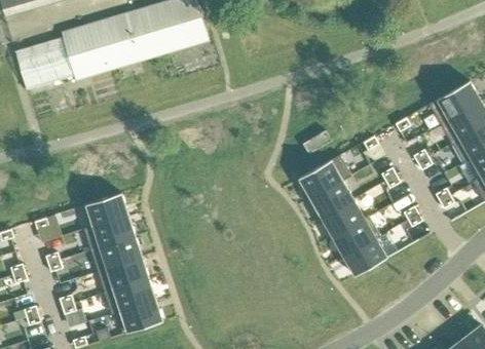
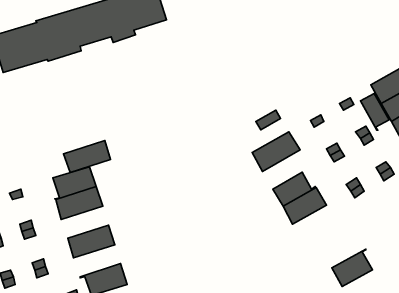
building: none -> [360,93,389,130]
building: [310,174,353,218] -> none
building: [343,235,387,276] -> [332,249,372,287]
building: [90,236,142,271] -> [63,141,111,173]
building: [104,278,155,313] -> none

